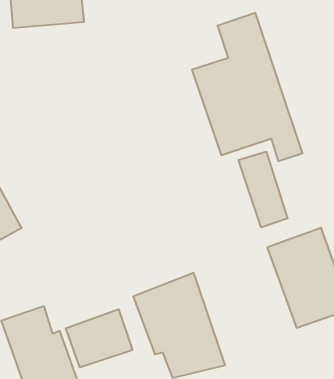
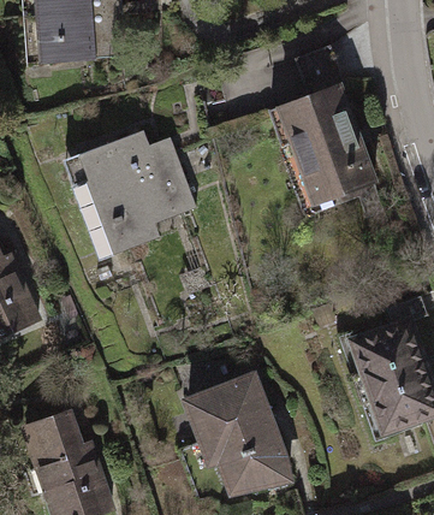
building: none -> [46,126,196,276]
building: [239,152,288,227] -> none
building: [66,309,132,367] -> none

